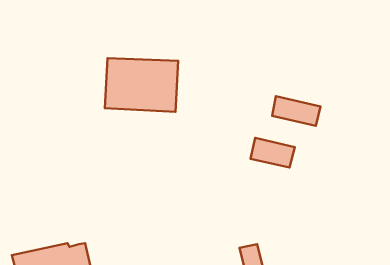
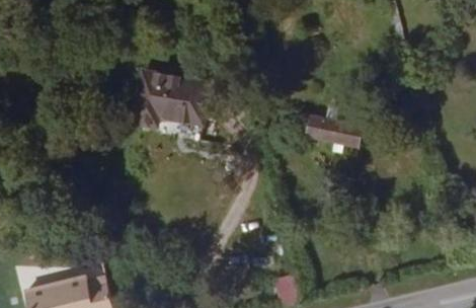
building: [250,138,295,167] -> none

